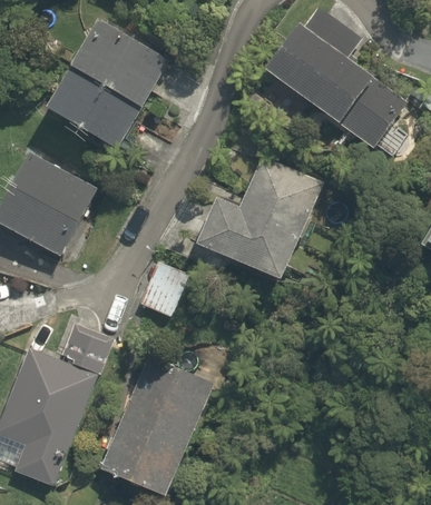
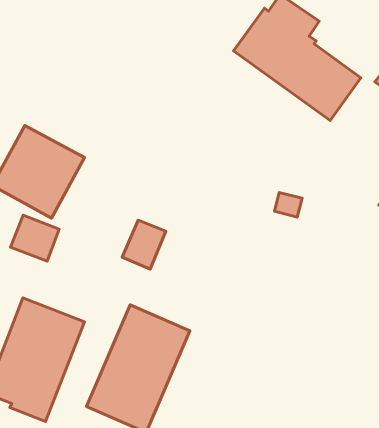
building: [48,20,168,148] -> none
building: [196,155,323,279] -> none
building: [59,321,114,373] -> [10,215,59,261]

